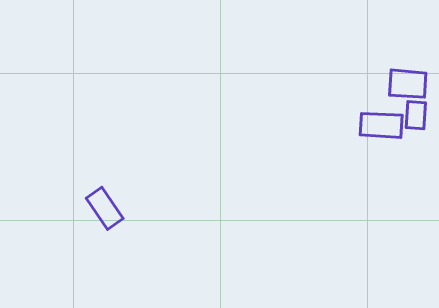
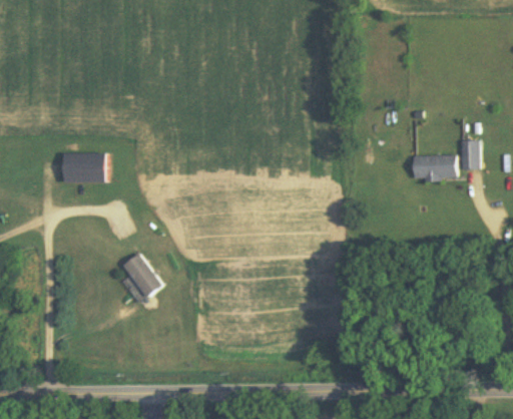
building: [390,70,426,97] -> none
building: none -> [62,153,104,182]

